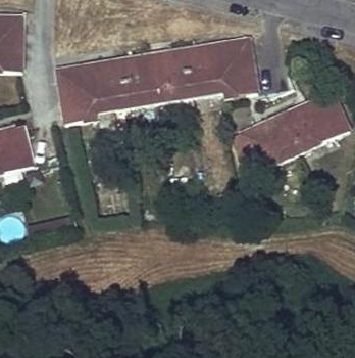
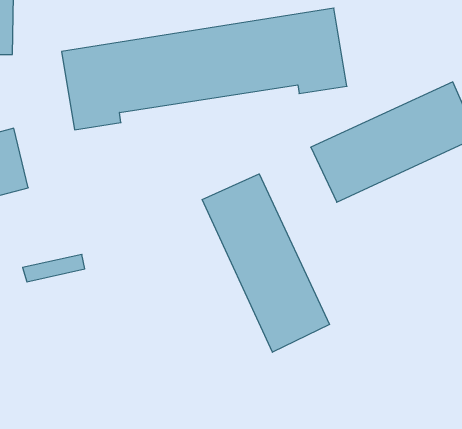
building: none -> [202,174,329,352]

